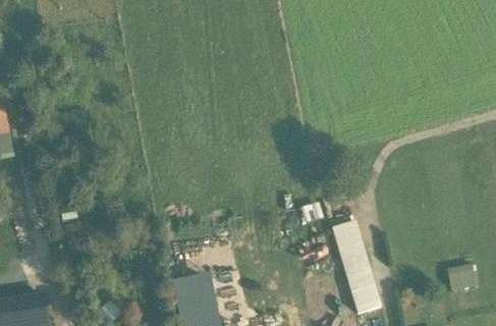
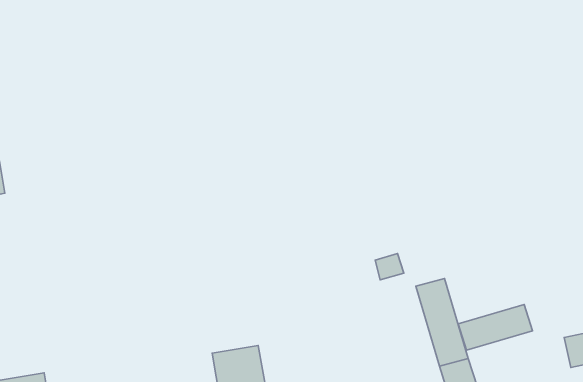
building: none -> [458,304,532,350]

